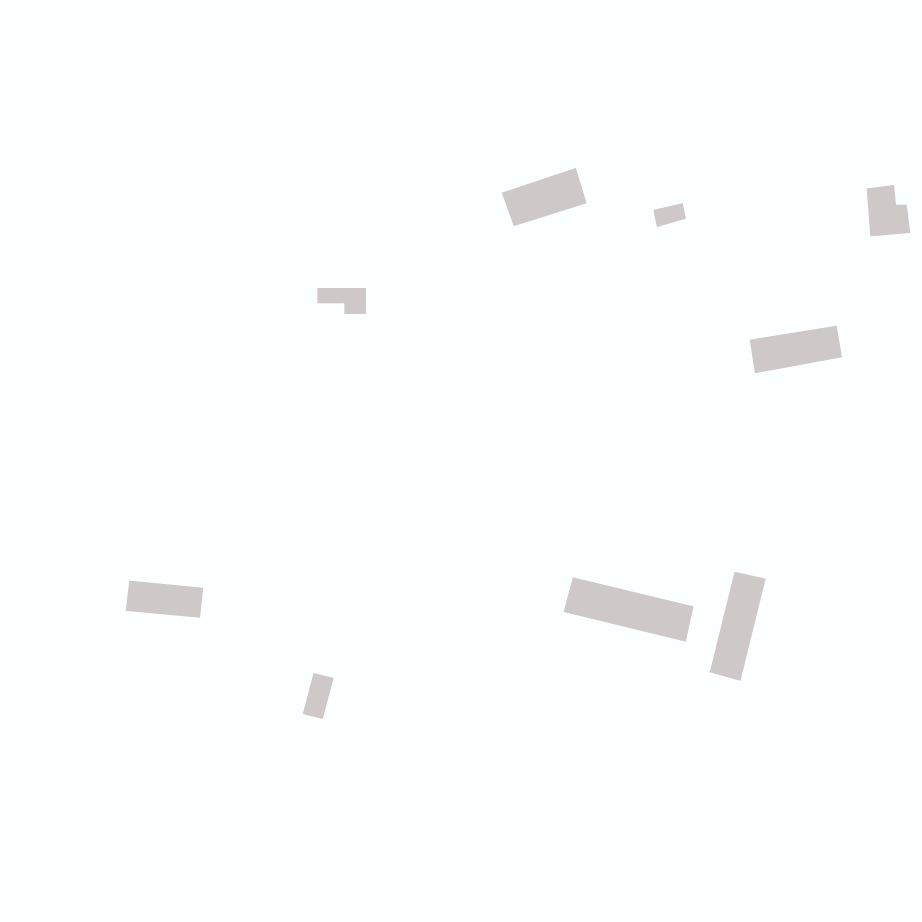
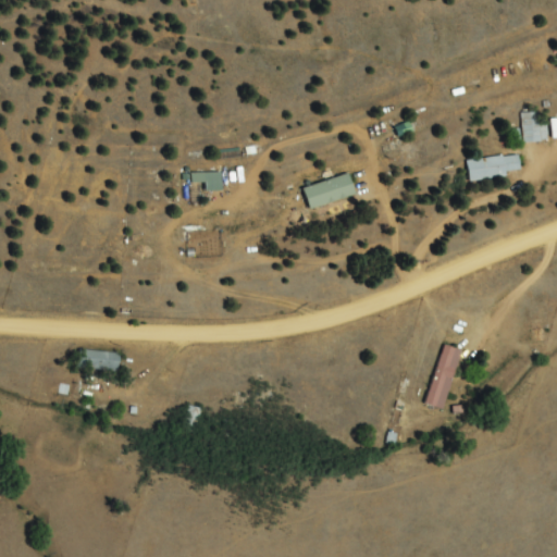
building: [501,167,587,227] -> [304,173,356,209]
building: [749,325,843,374] -> [466,152,522,182]
building: [563,576,694,643] -> none

